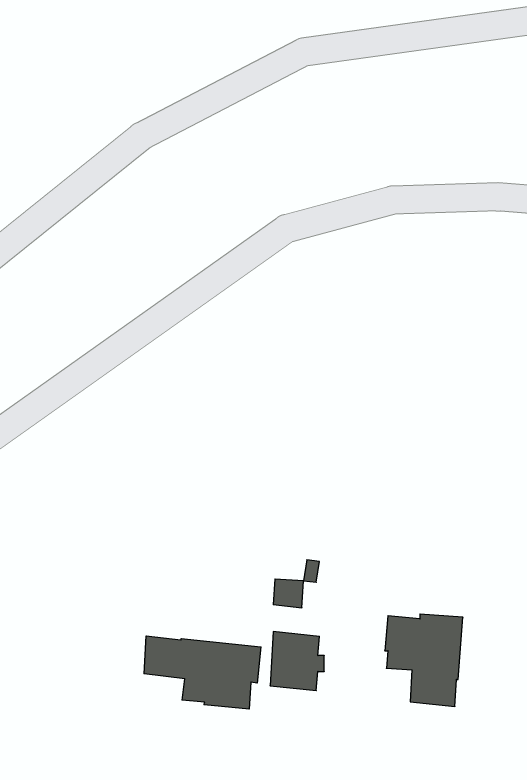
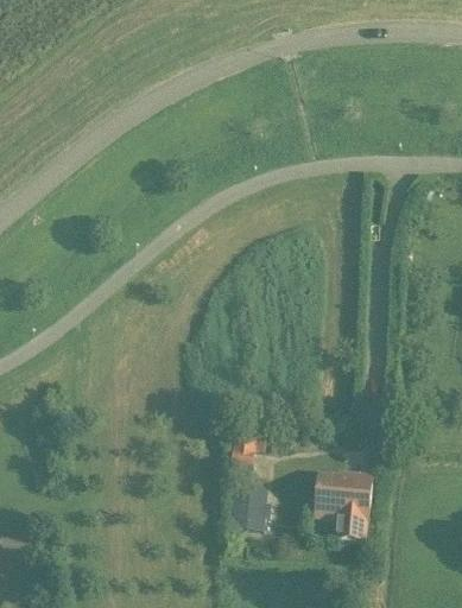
building: [144,636,261,709] -> none

